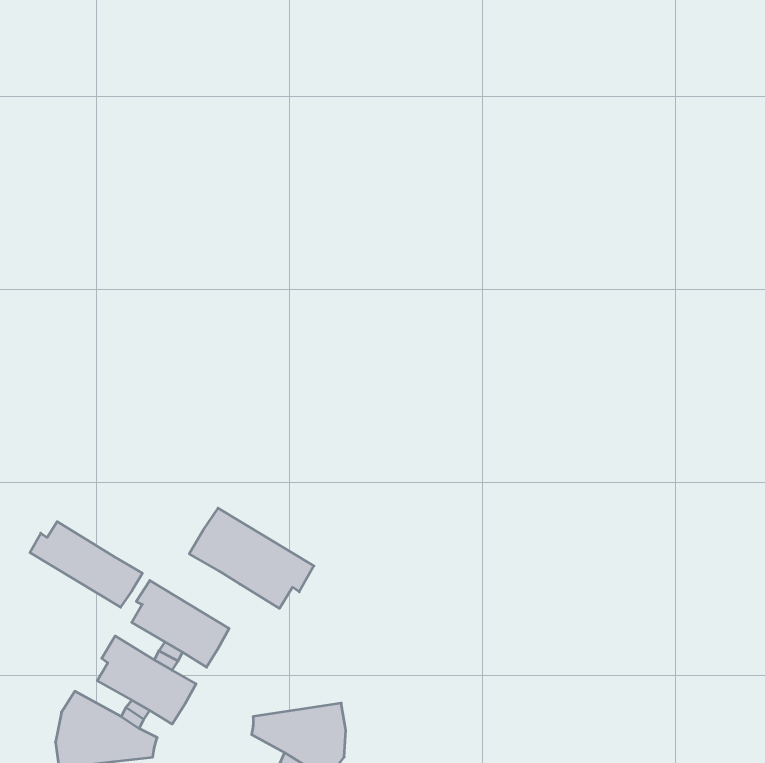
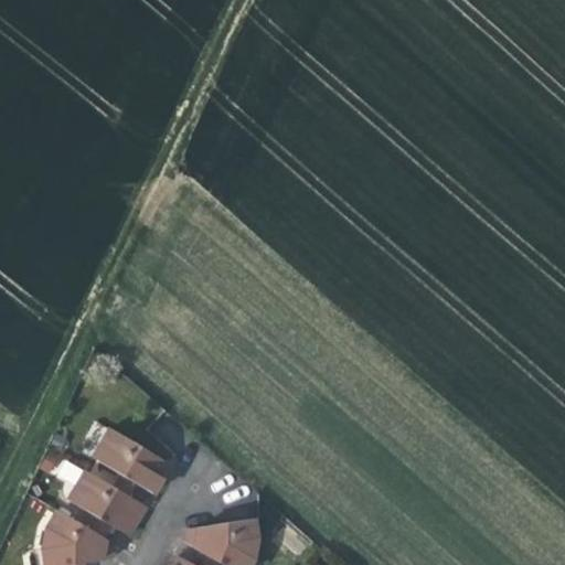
building: [189,508,314,608] -> none
building: [30,522,142,607] -> none

